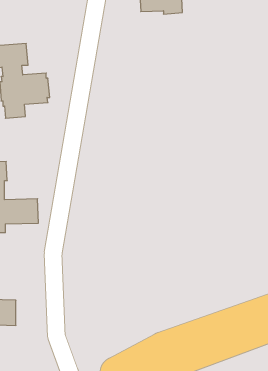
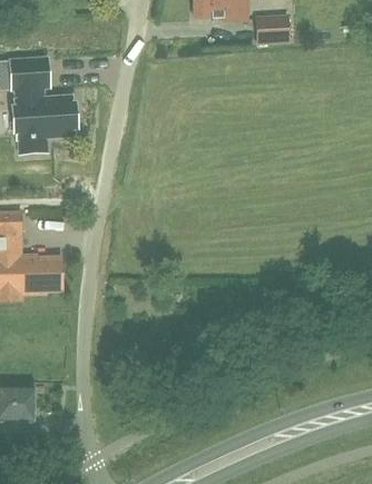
building: none -> [255,13,290,45]

